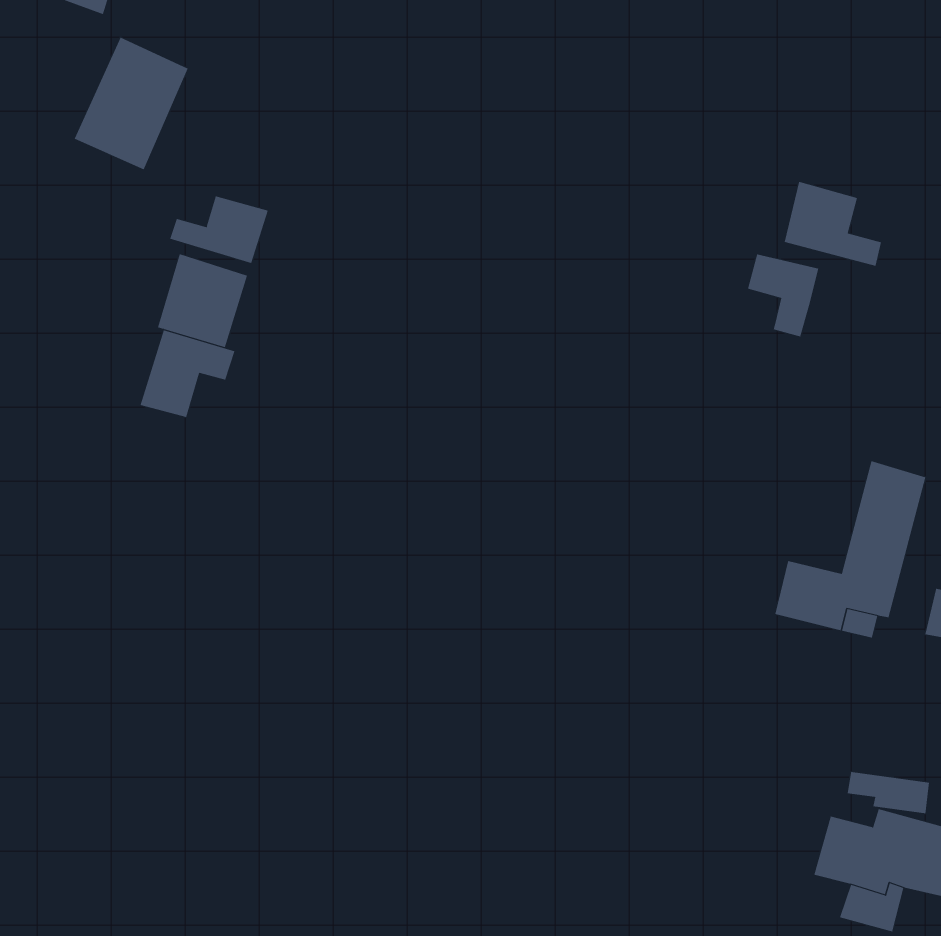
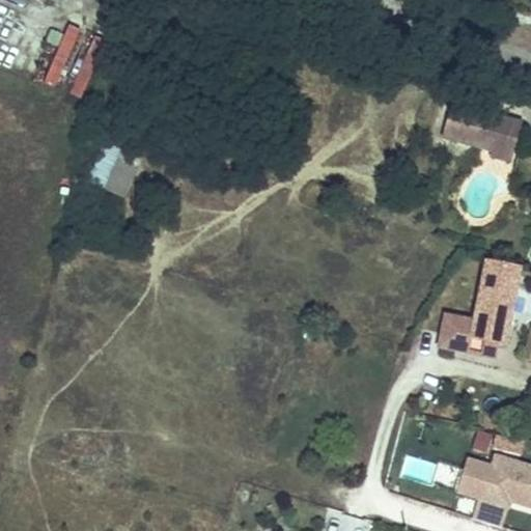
building: [170,195,268,264] -> none
building: [747,254,819,337] -> [478,111,519,158]
building: [140,329,235,418] -> none

